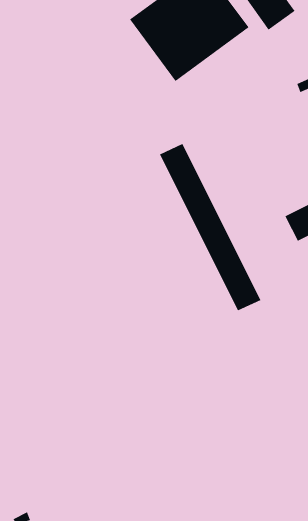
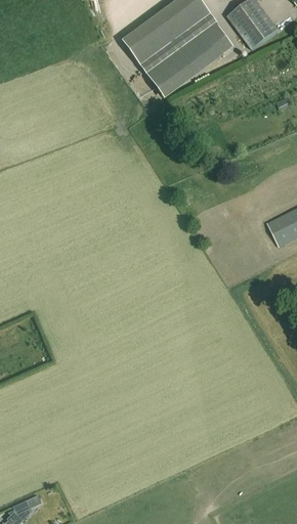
building: [159,143,261,311] -> none

